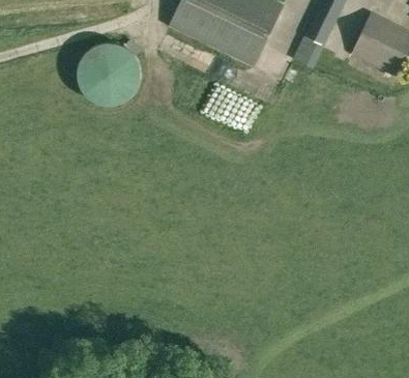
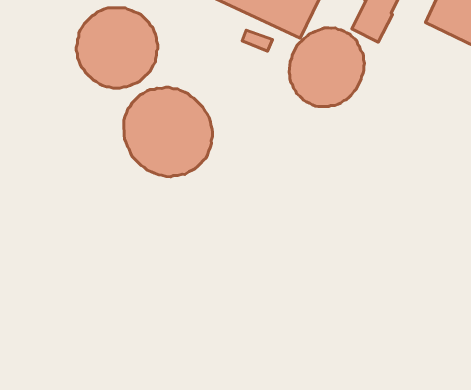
building: none -> [289,28,364,107]
building: none -> [124,87,213,177]

